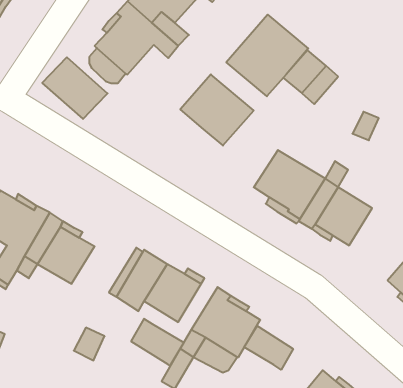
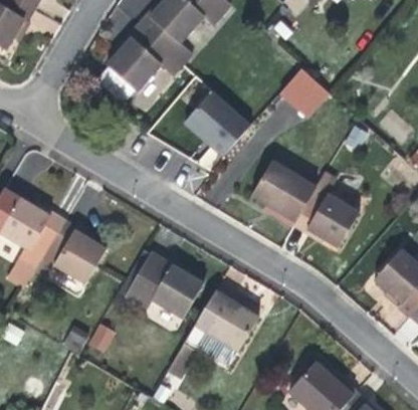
building: [226,15,308,96] -> none
building: [42,57,108,119] -> none
building: [131,319,184,366] -> none
building: [244,326,293,370] -> none

